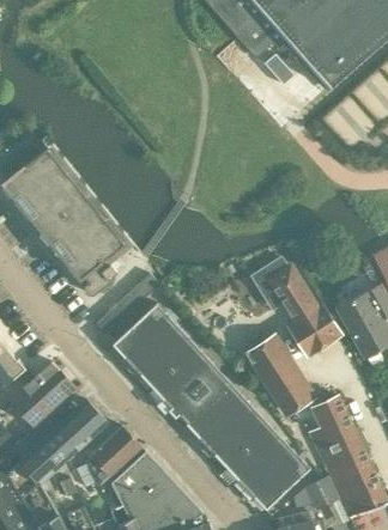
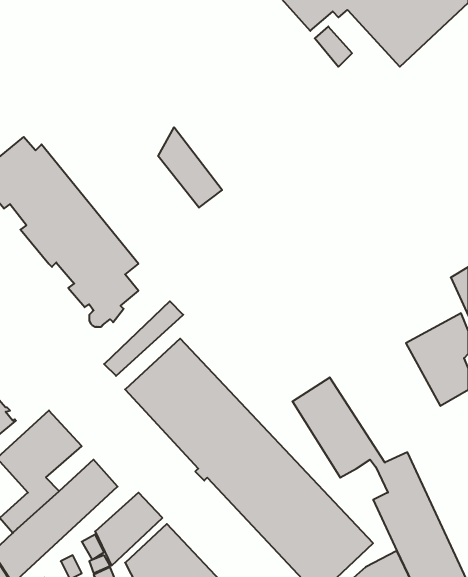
building: none -> [158,127,222,208]
building: [250,256,341,357] -> none

